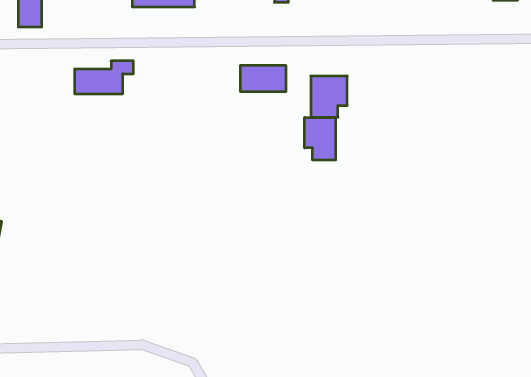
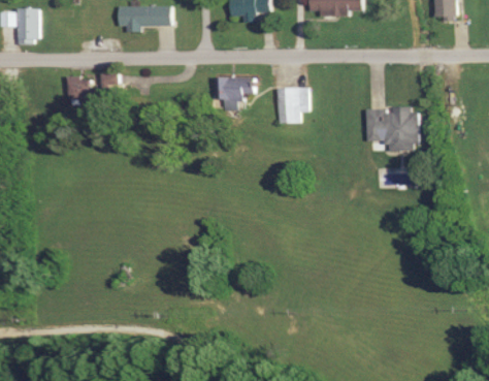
building: none -> [366,106,419,150]
building: [305,117,336,160] -> none

